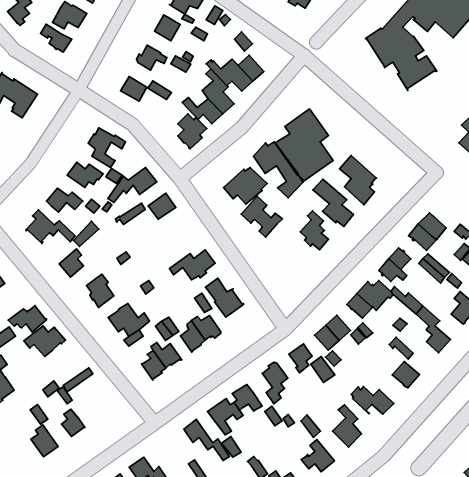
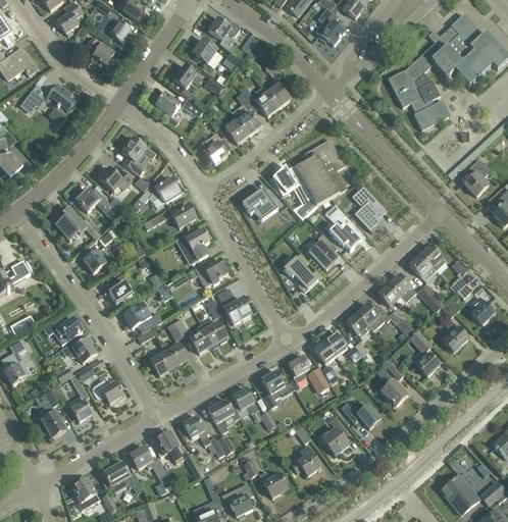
building: [241,196,282,237] -> [284,253,321,292]
building: none -> [173,229,209,264]
building: [8,306,47,332] -> [60,338,96,363]
building: none -> [93,379,122,404]
building: none -> [155,432,183,463]

